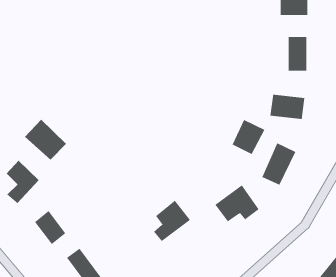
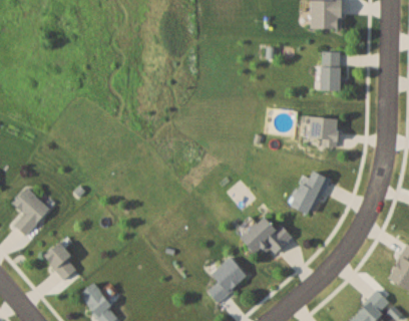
building: [24,119,67,161] -> none
building: [232,119,265,155] -> none
building: [153,200,191,242] -> [208,256,249,302]

